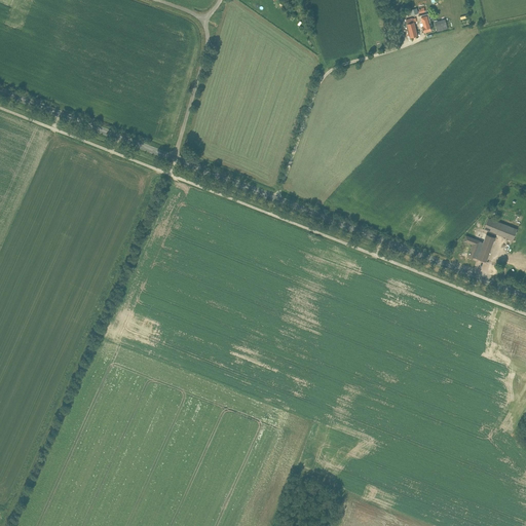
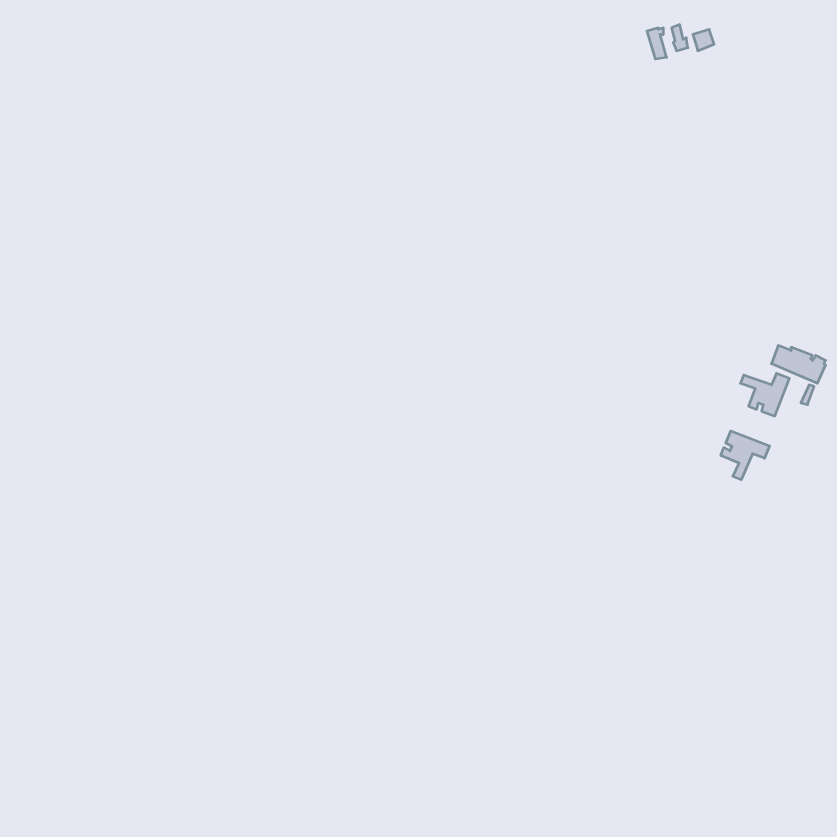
building: none -> [721,431,770,480]

